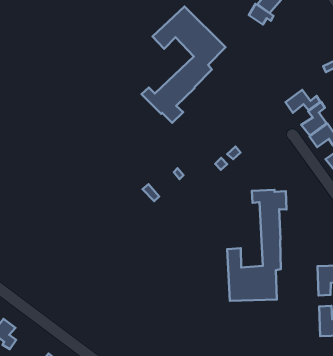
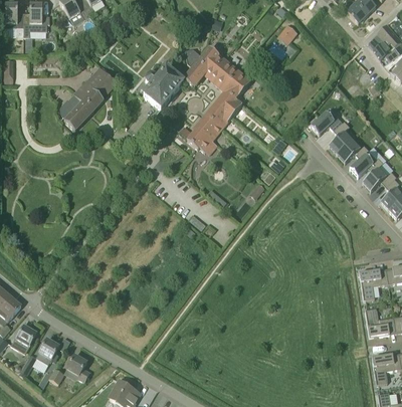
building: none -> [61,67,117,130]
building: none -> [143,63,183,109]
building: [227,190,287,301] -> none

